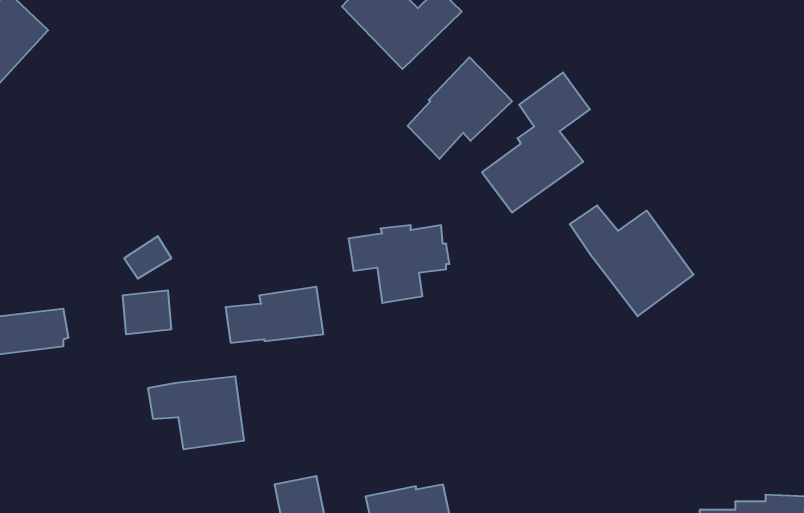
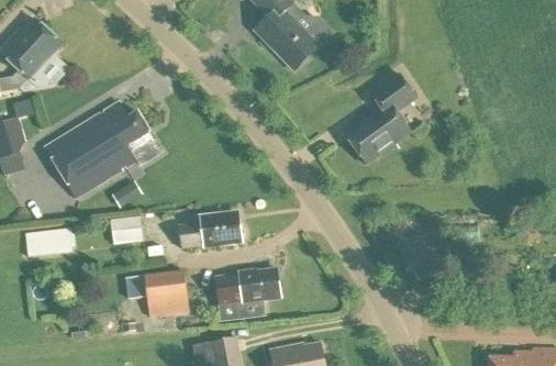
building: [408,57,512,159] -> none
building: none -> [44,100,160,197]
building: [570,205,694,316] -> none
building: [348,225,450,303] -> [215,268,281,319]

